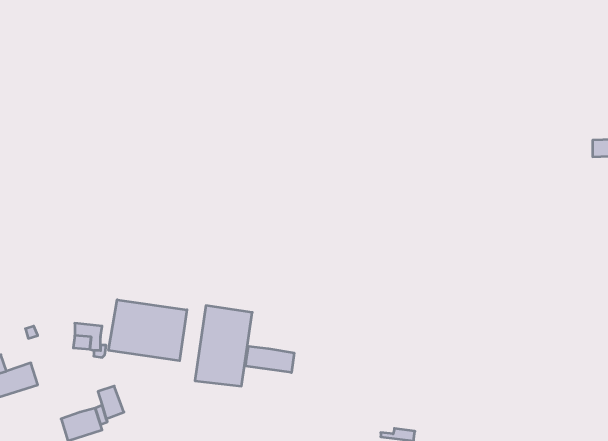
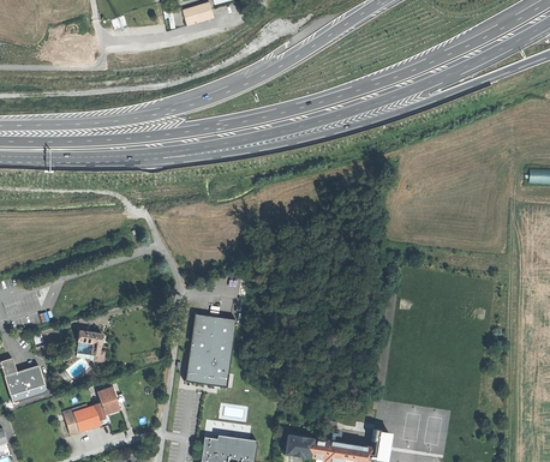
building: [109,300,187,361] -> none
building: [246,346,294,373] -> none

